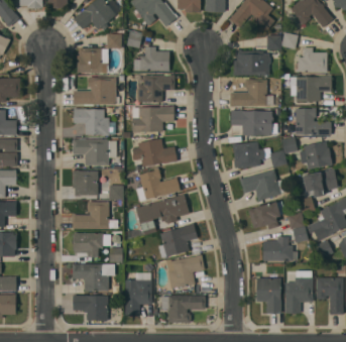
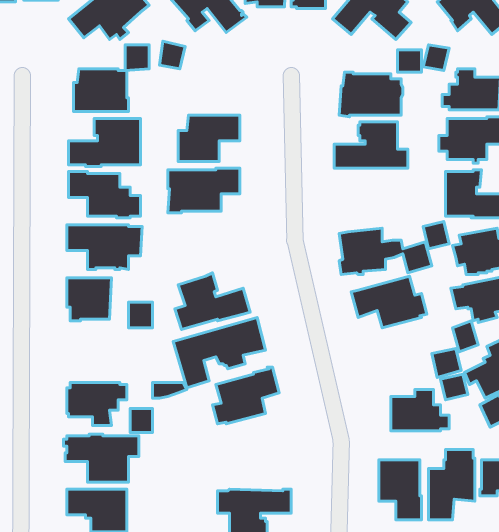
building: [133,46,168,71] -> none
building: [230,110,271,135] -> none
building: [131,138,177,166] -> none
building: [72,201,117,229] -> none
building: [247,201,284,229] -> none
building: [164,254,204,289] -> none
building: [124,272,151,316] -> none

